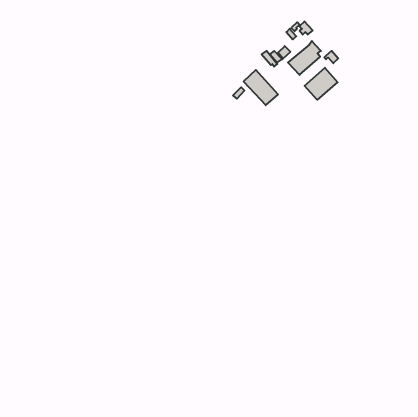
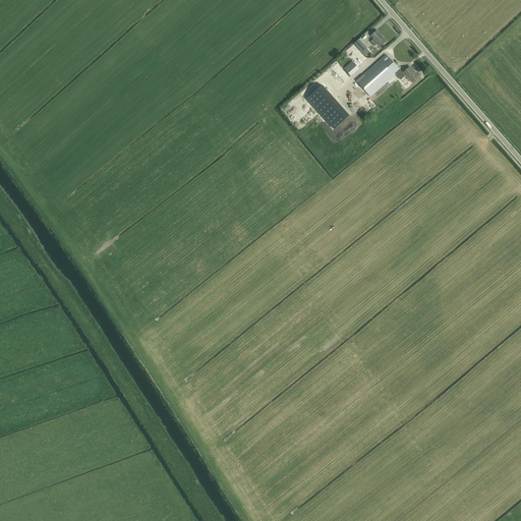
building: [305,68,338,100] -> none

